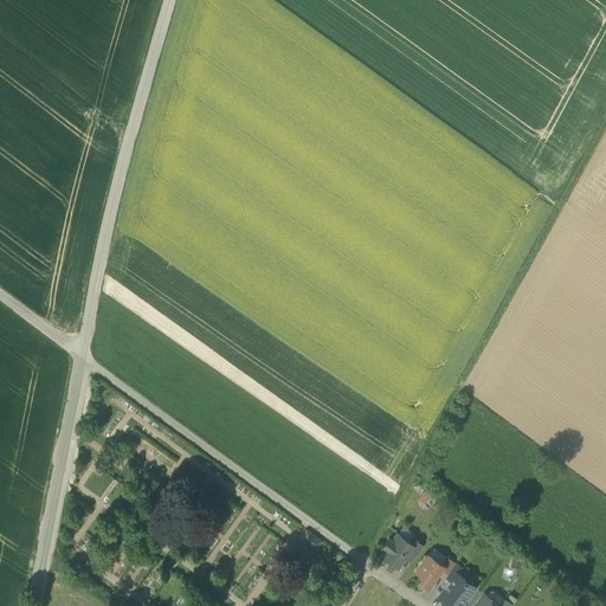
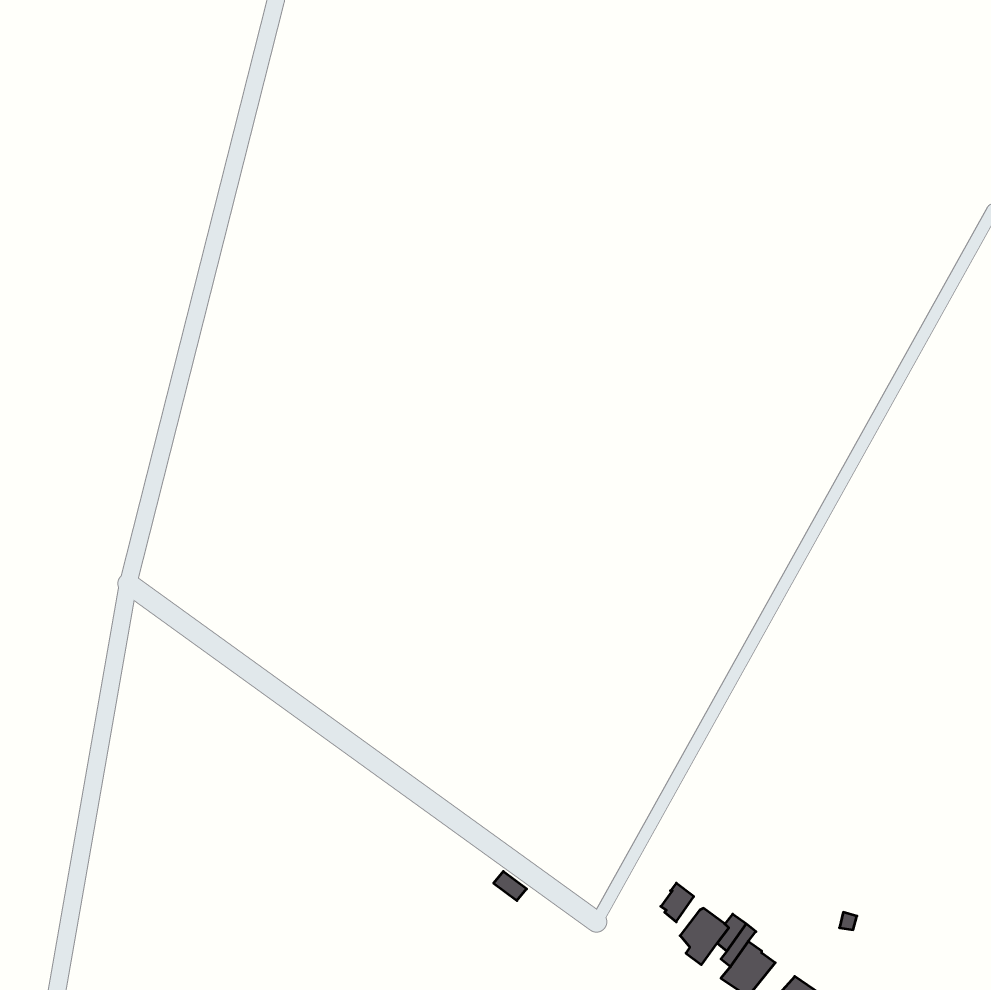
building: [382,535,411,567] -> none

